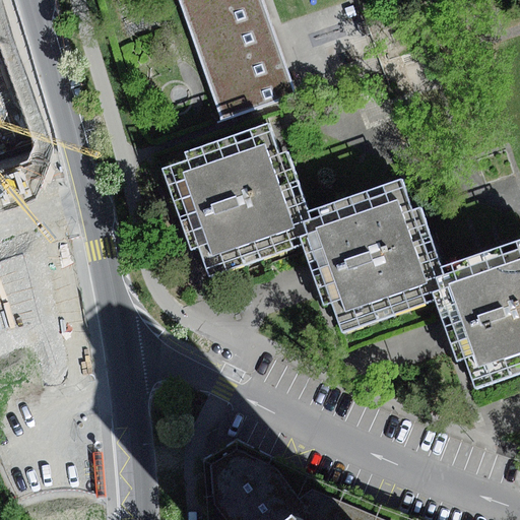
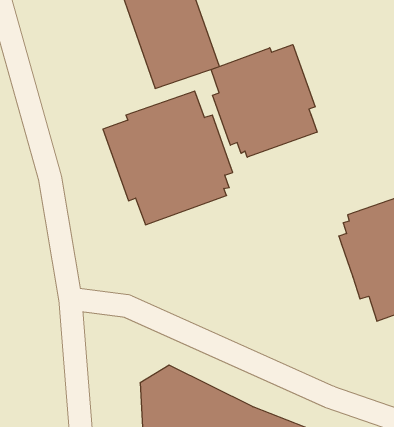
building: none -> [211,45,317,157]
building: [300,178,444,330] -> none

